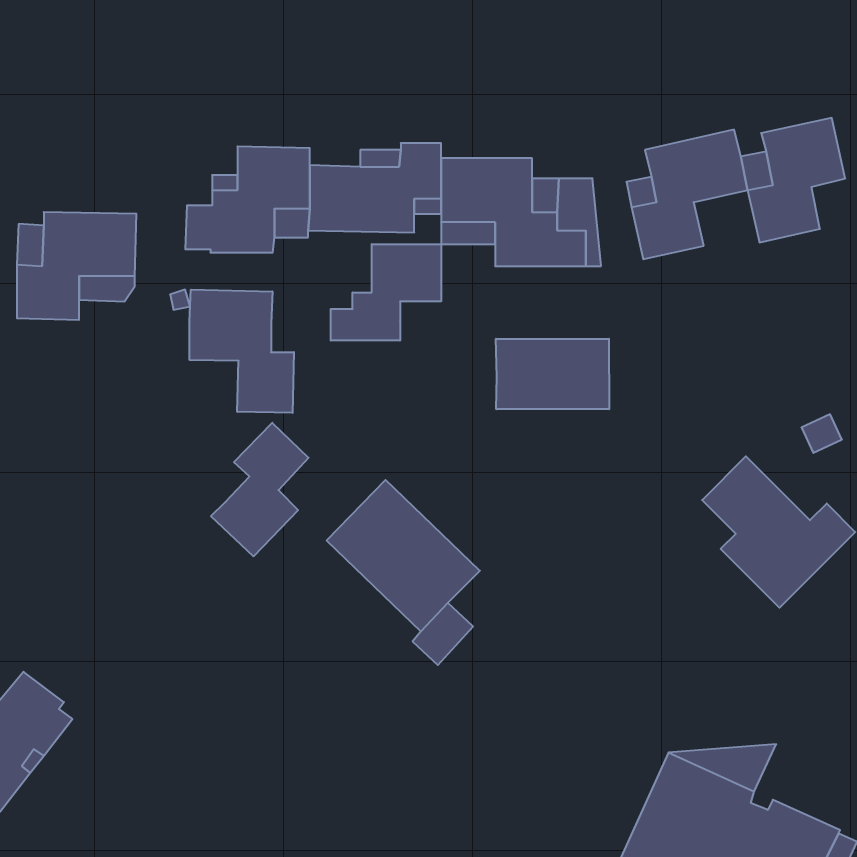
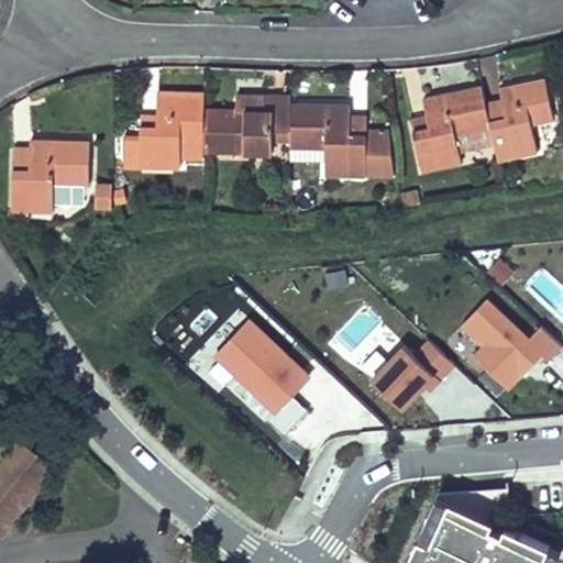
building: [331,244,441,341] -> none
building: [190,290,294,413] -> none
building: [496,339,609,409] -> none
building: [211,423,309,556] -> none
building: none -> [369,343,450,416]

